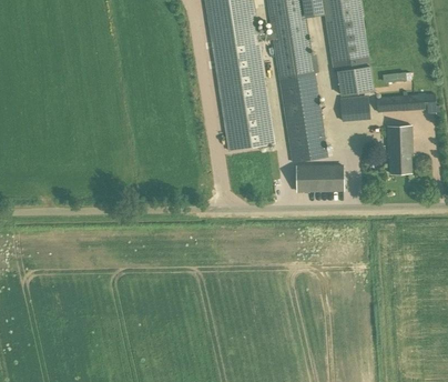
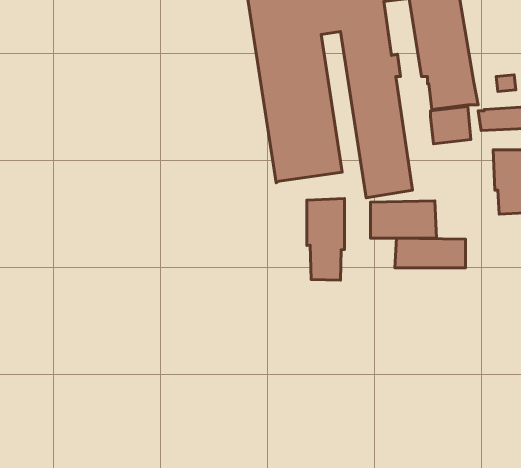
building: none -> [307,198,345,280]
building: none -> [395,238,466,268]

